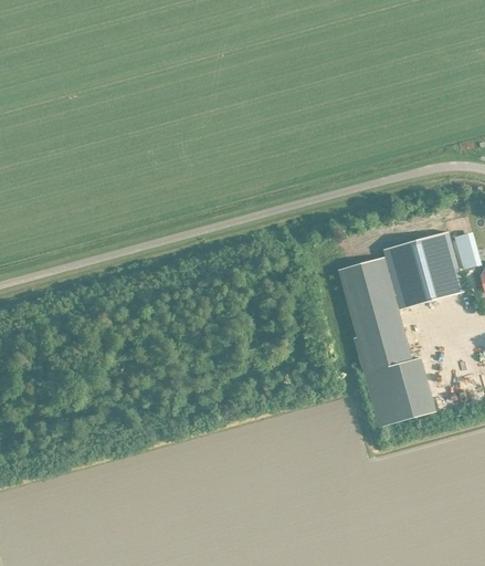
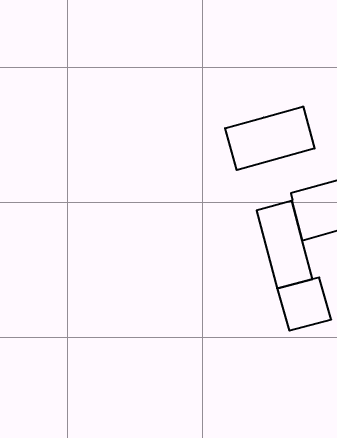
building: none -> [225,106,315,170]

